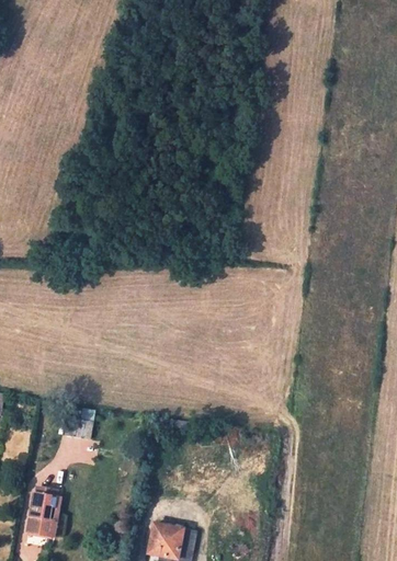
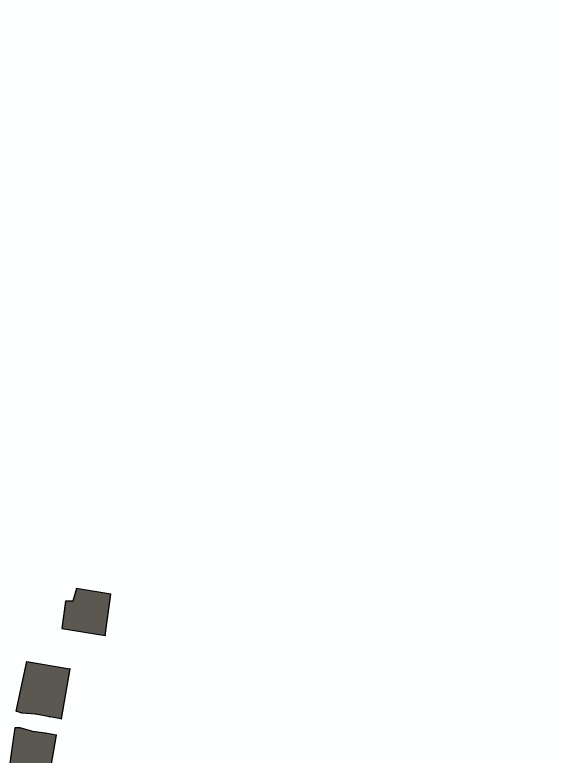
building: none -> [16,662,70,719]

